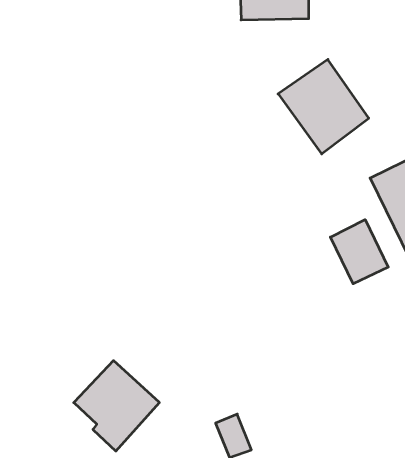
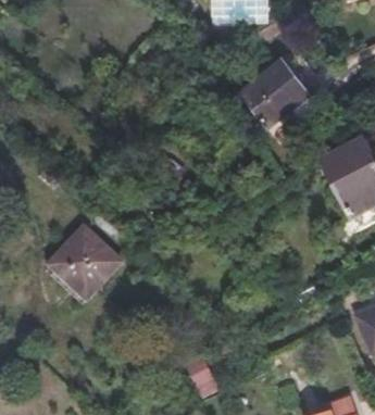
building: [330,220,388,284] -> none
building: [74,361,159,451] -> [45,227,117,304]

